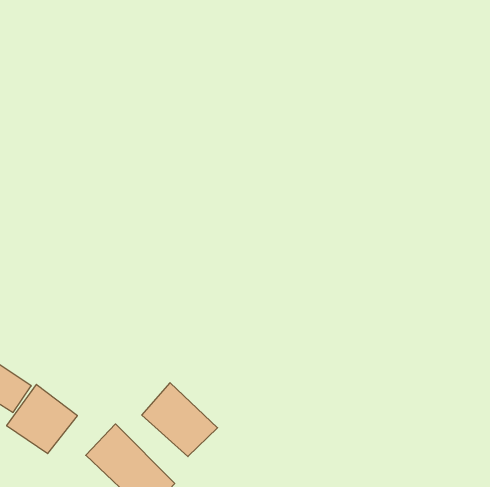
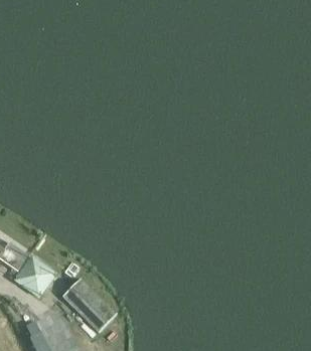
building: [142,383,218,457] -> none

